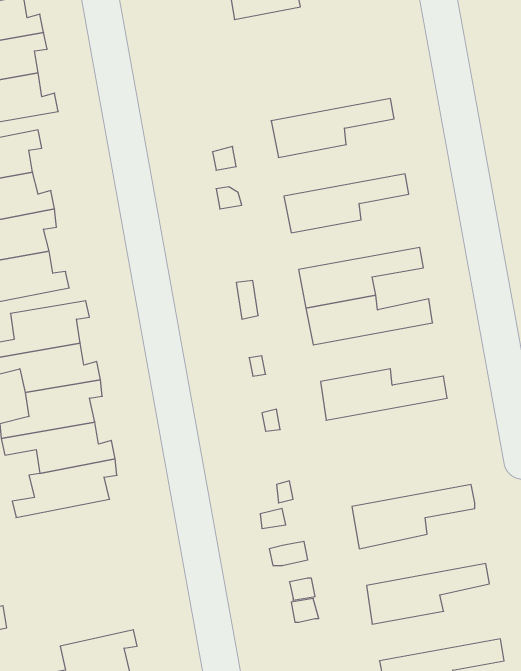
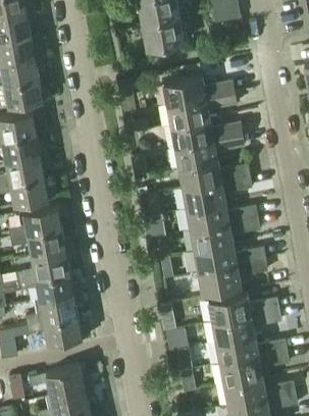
building: none -> [163,76,234,105]
building: none -> [171,118,242,147]
building: none -> [178,160,250,188]
building: none -> [191,217,259,250]
building: none -> [198,259,267,294]
building: none -> [208,294,278,319]
building: none -> [25,316,89,345]
building: none -> [216,334,287,363]
building: none -> [28,367,91,397]
building: none -> [223,377,295,405]

